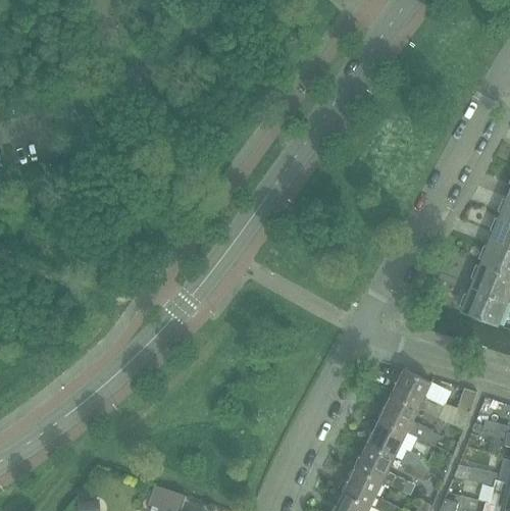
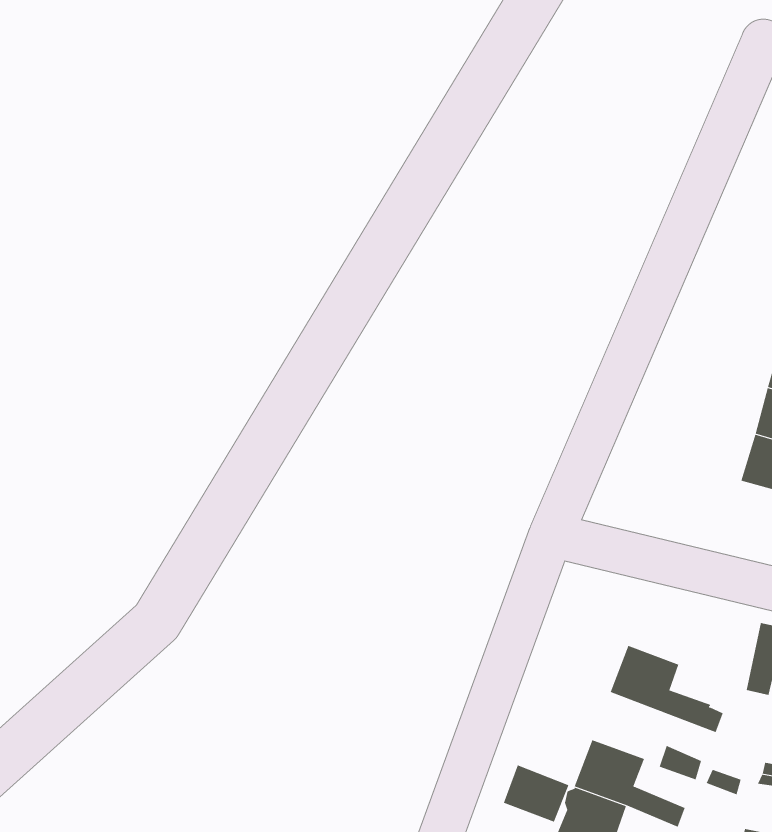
building: [392,369,445,417] -> none
building: [367,418,406,456] -> none
building: none -> [503,764,569,822]

